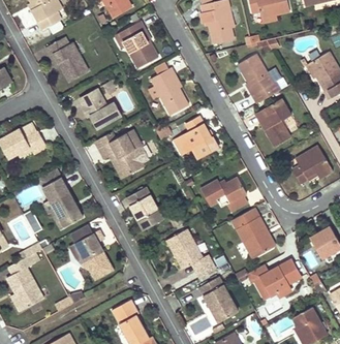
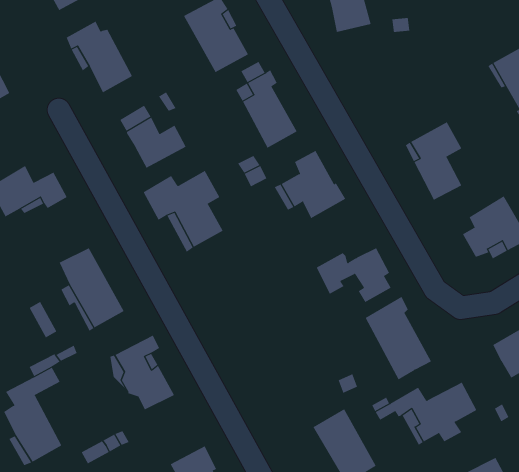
building: [237,54,280,104] -> none
building: [126,188,163,230] -> none
building: [167,230,213,272] -> none

